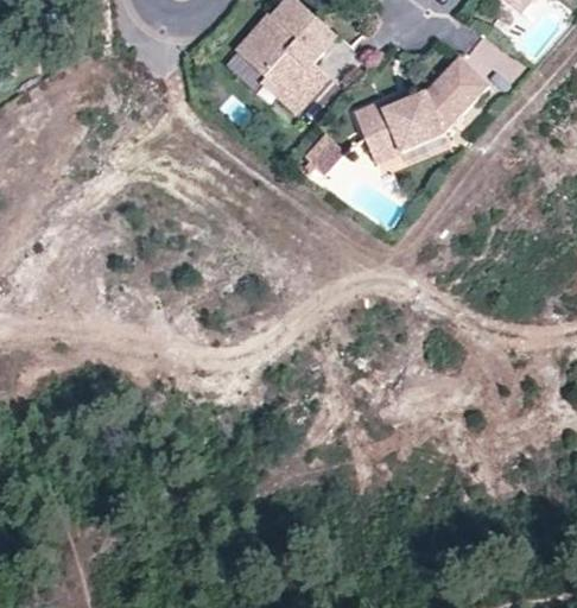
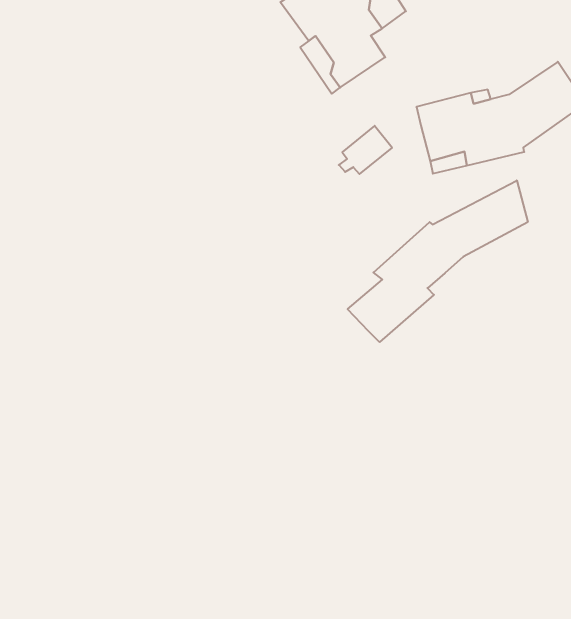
building: none -> [348,180,528,342]

